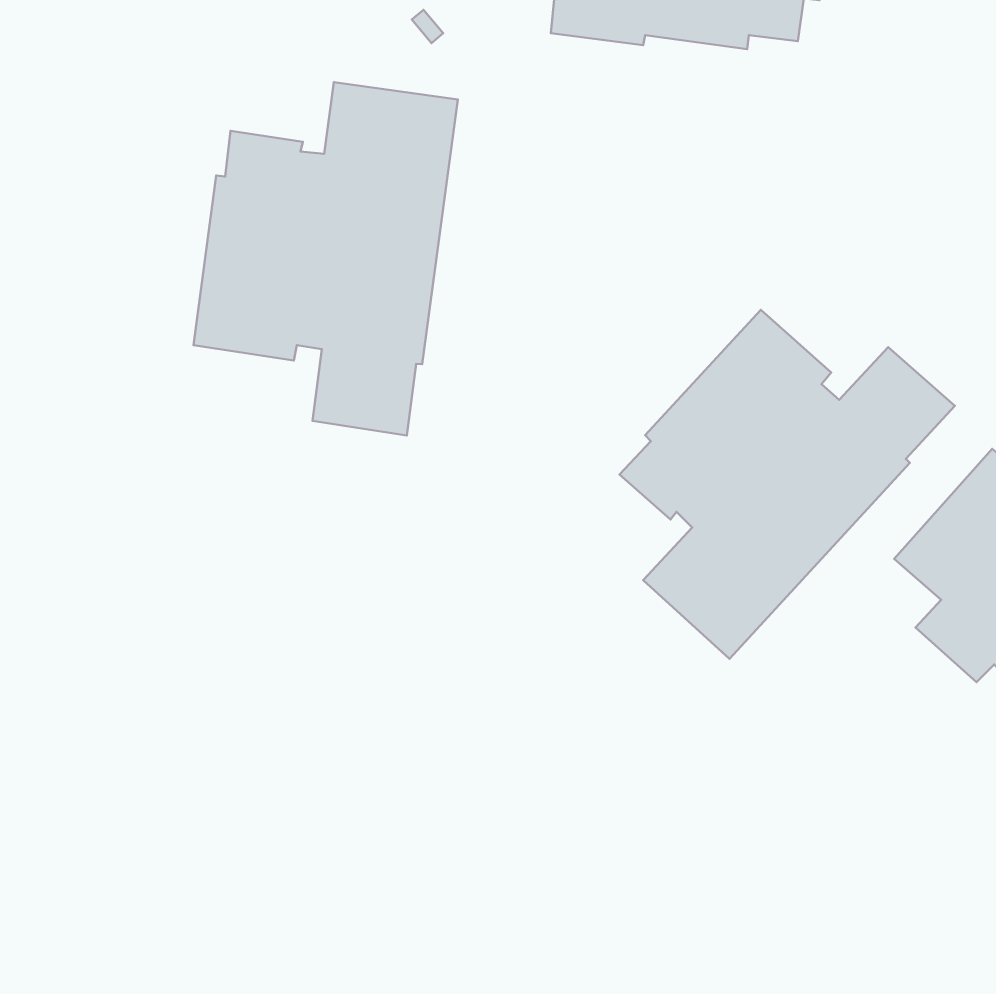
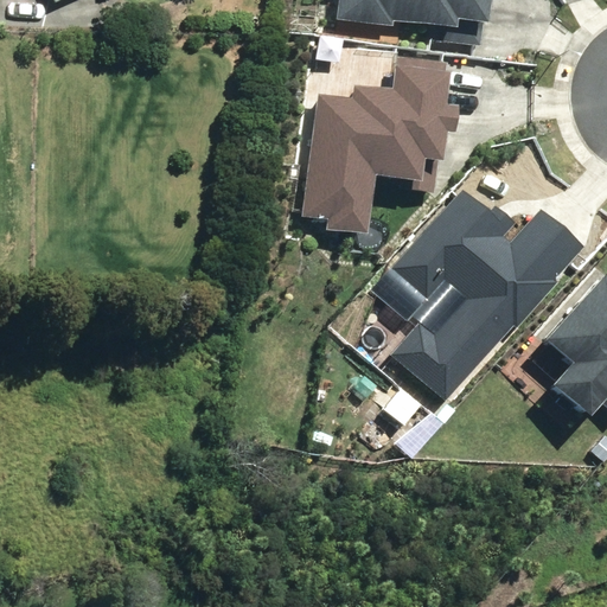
building: [193,82,458,435] -> none
building: none -> [302,56,456,236]

